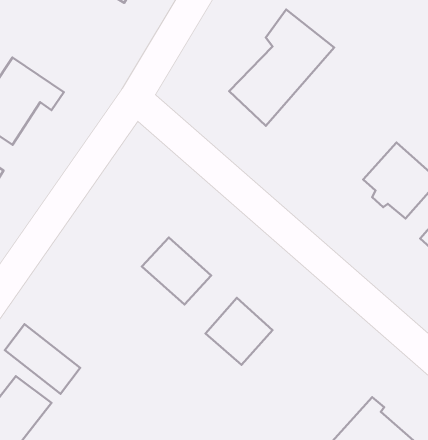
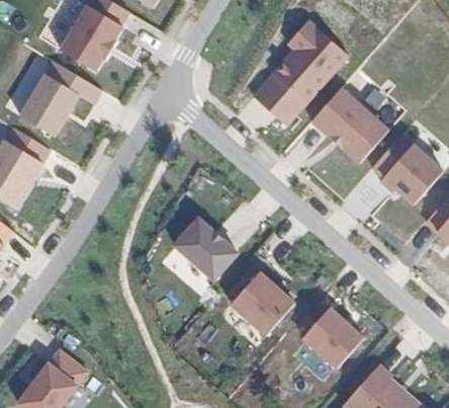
building: none -> [66,10,126,72]
building: none -> [310,86,389,164]
building: [5,324,80,394] -> none
building: none -> [305,310,362,366]

